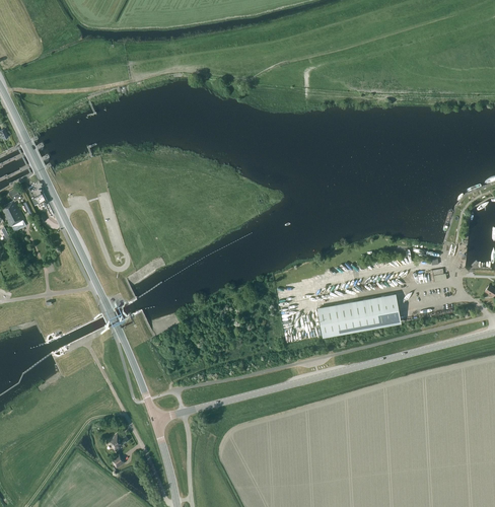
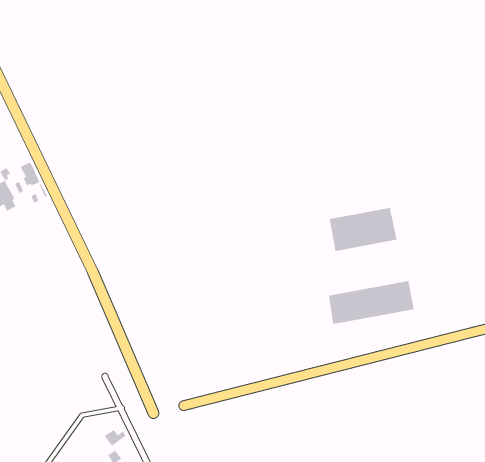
building: none -> [329,207,397,252]

